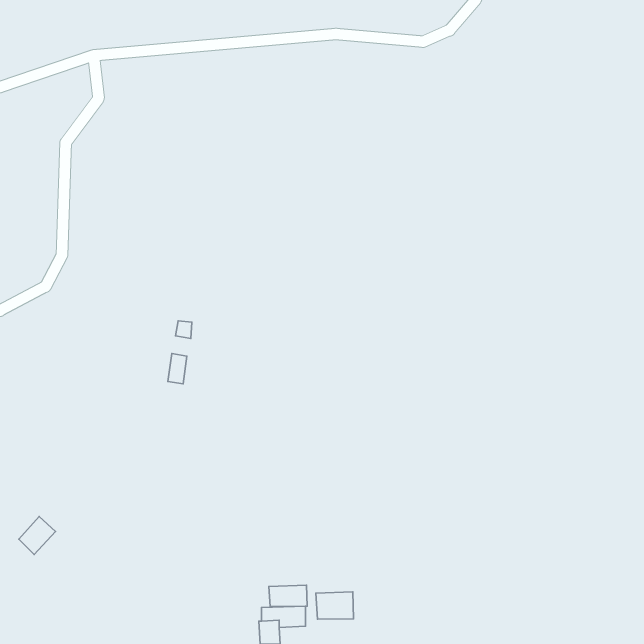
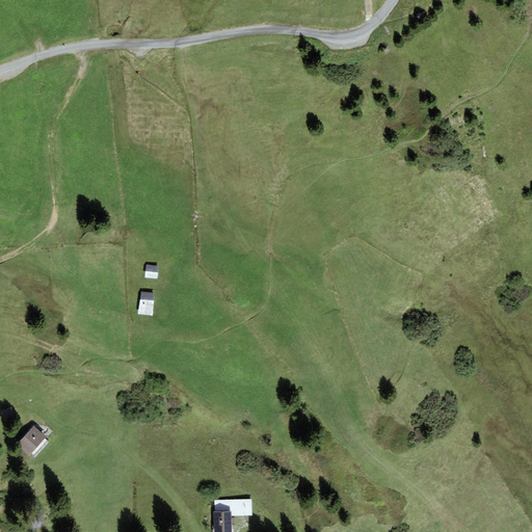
building: [269,585,307,607] -> none
building: [316,592,353,619] -> none

